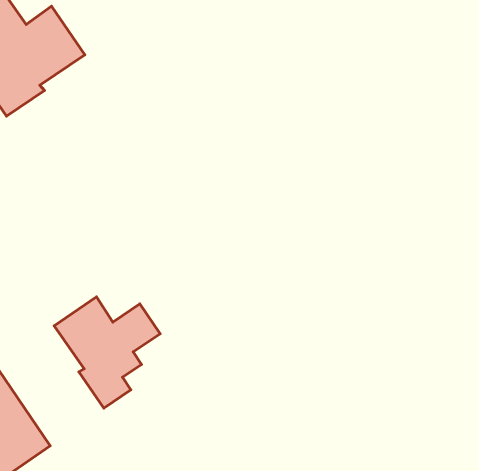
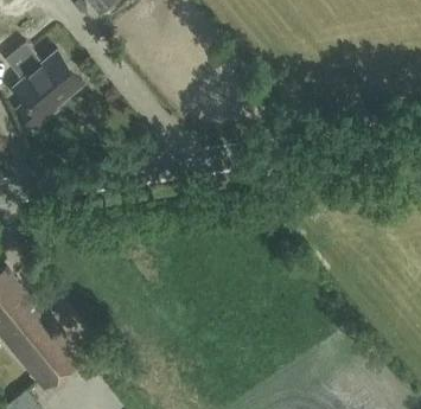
building: [54,297,160,408] -> none

